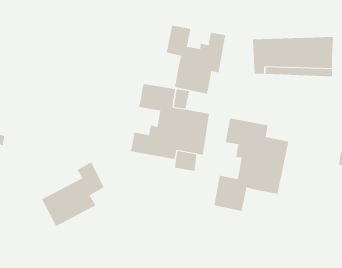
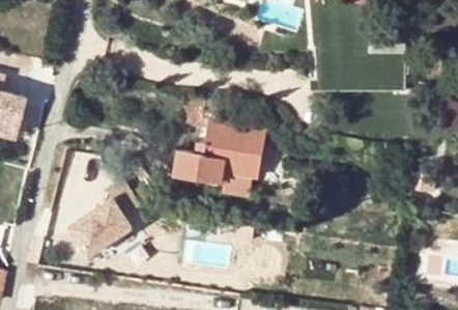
building: [166,25,226,95] -> none
building: [214,118,289,212] -> none

